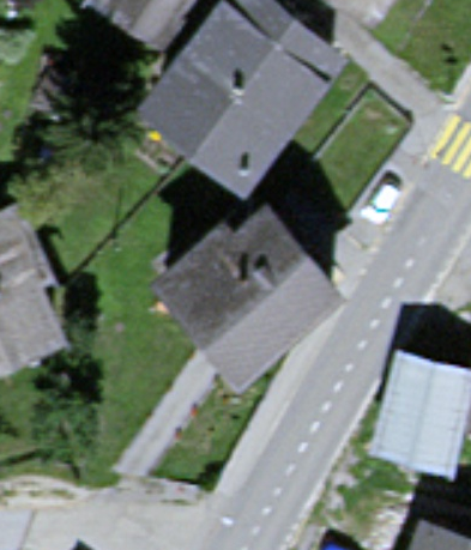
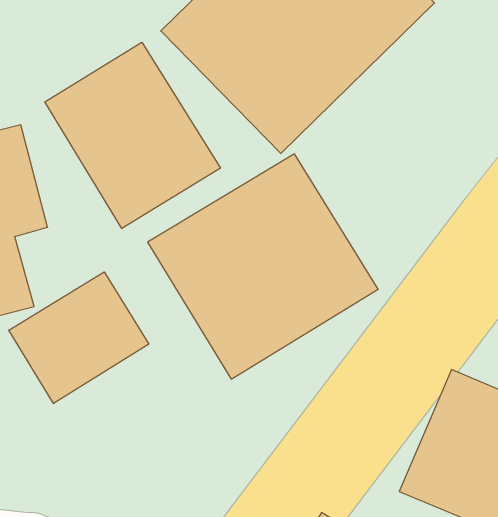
building: none -> [45,42,220,229]
building: none -> [9,272,149,404]

